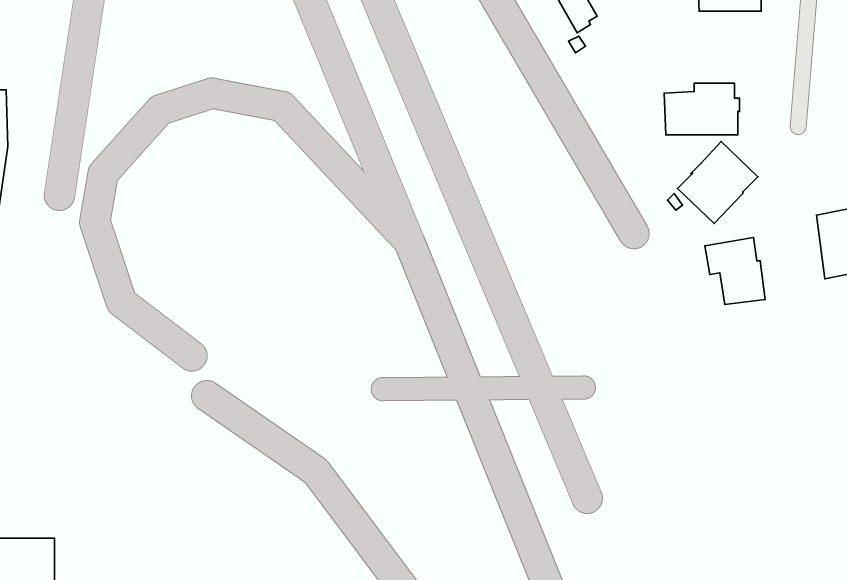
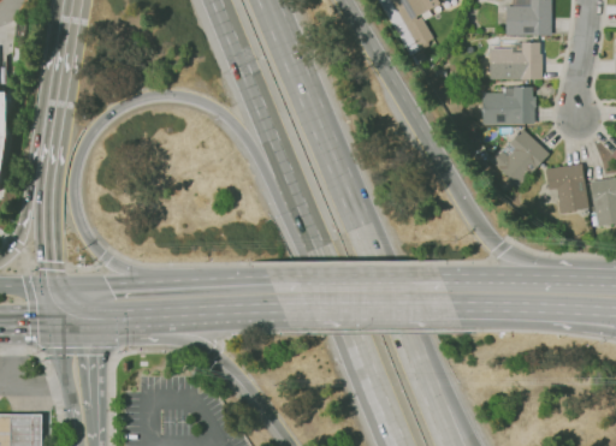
building: none -> [490,42,541,79]
building: [705,238,765,304] -> [545,163,588,212]

